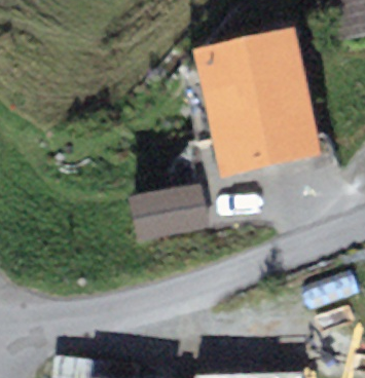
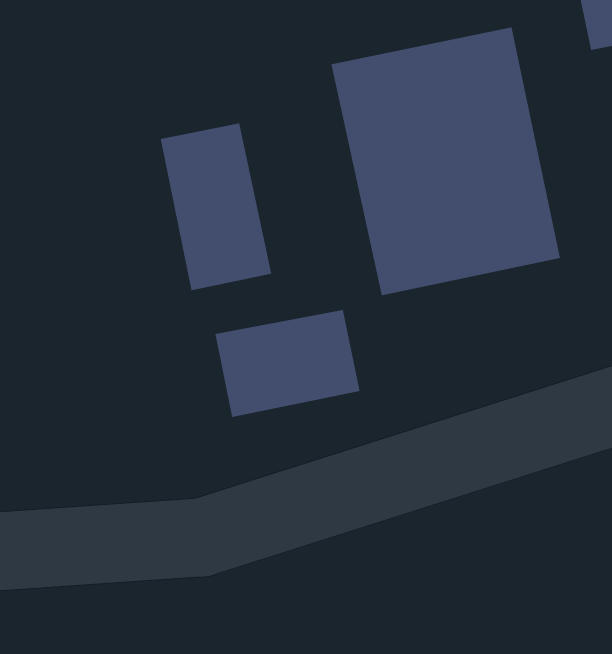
building: none -> [160,122,272,291]

